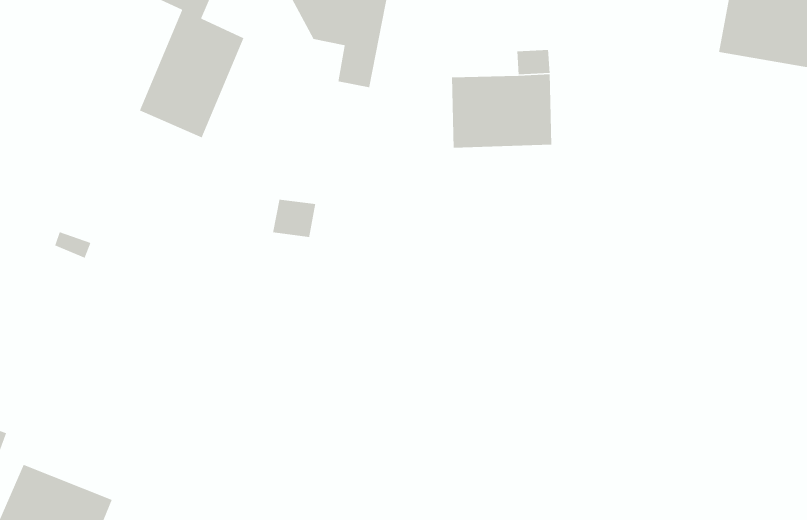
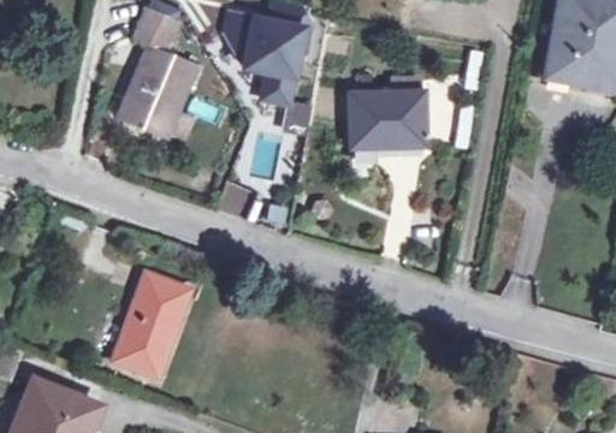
building: none -> [114,274,185,376]

